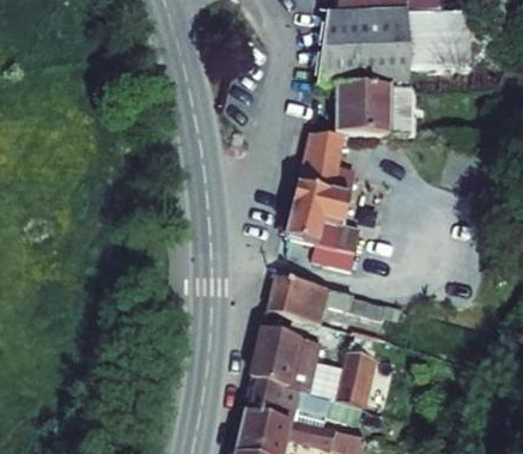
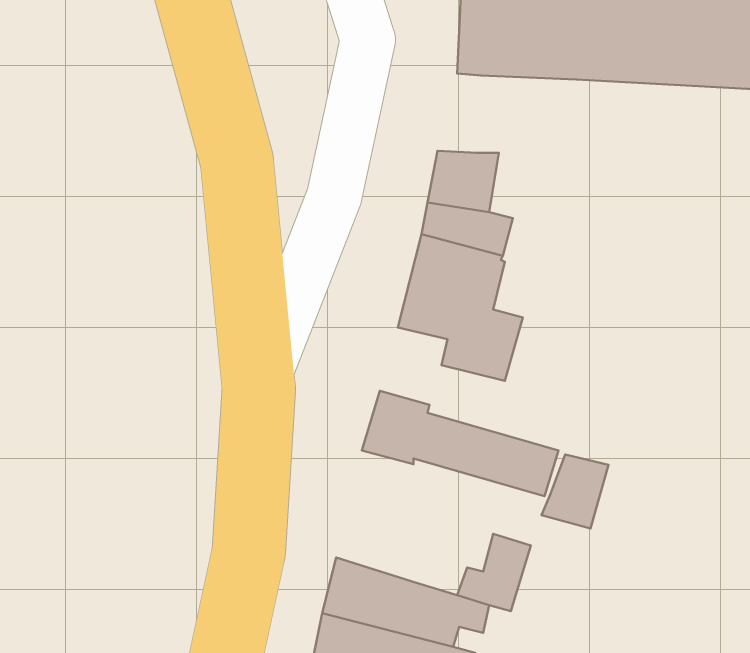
building: [335,83,395,132] -> none
building: none -> [541,455,608,528]
building: [250,326,314,389] -> none

